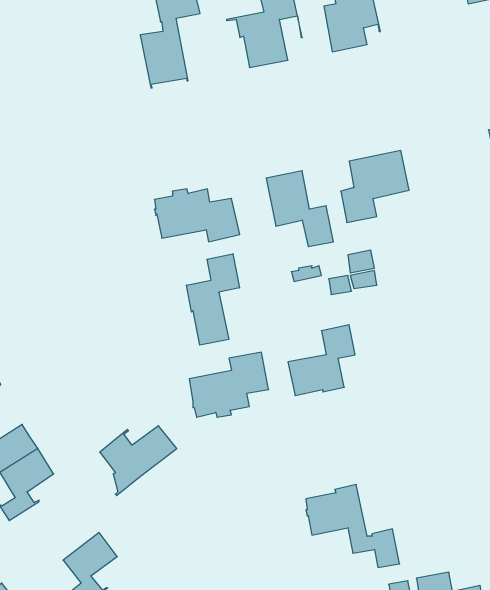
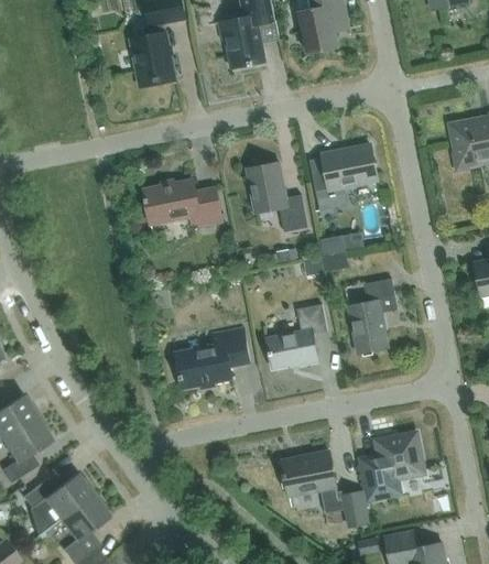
building: [186,254,239,345] -> none
building: none -> [349,278,399,352]
building: [100,426,177,496] -> [23,473,94,536]
building: none -> [362,433,424,498]

